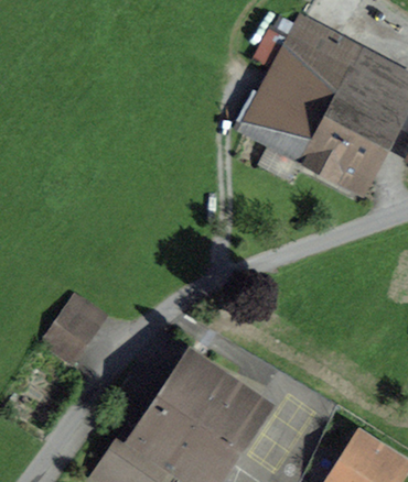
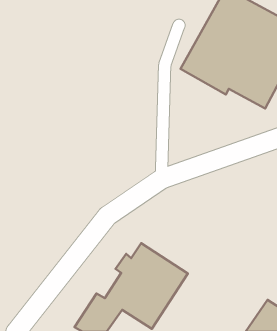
building: [46,297,101,359] -> none

